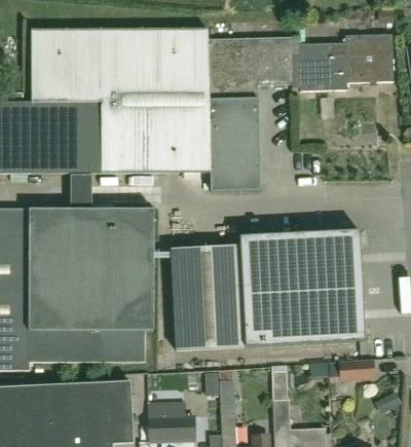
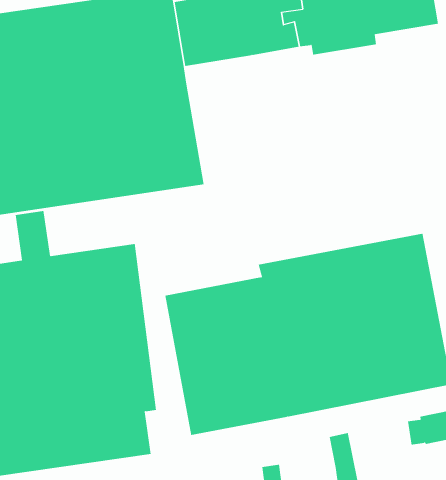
building: [208,96,260,190] -> none

